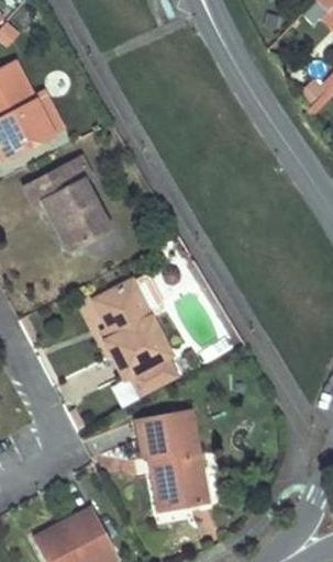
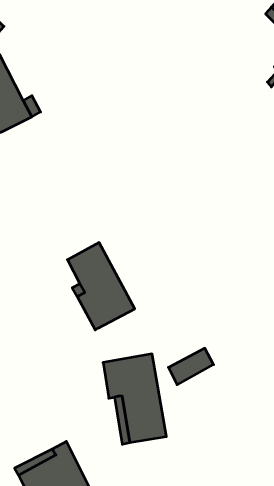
building: [38,155,125,257] -> none
building: [127,355,179,396] -> [168,348,214,385]

